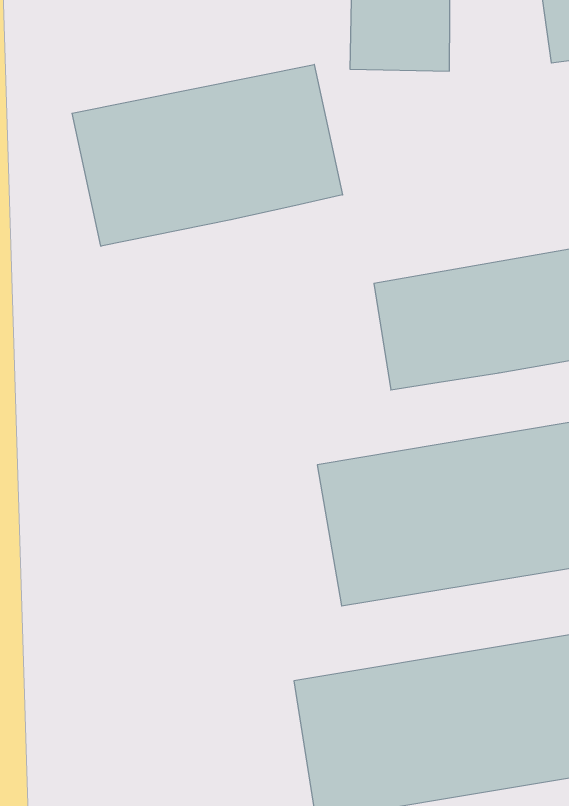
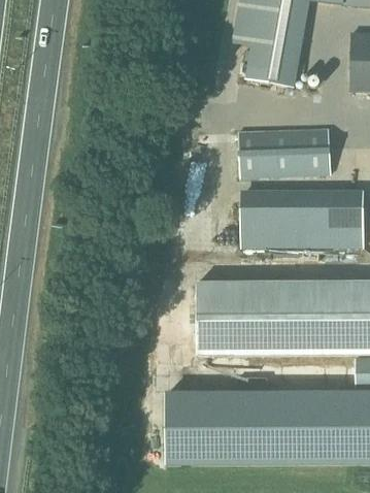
building: [72,64,343,246] -> none
building: none -> [238,127,332,177]

